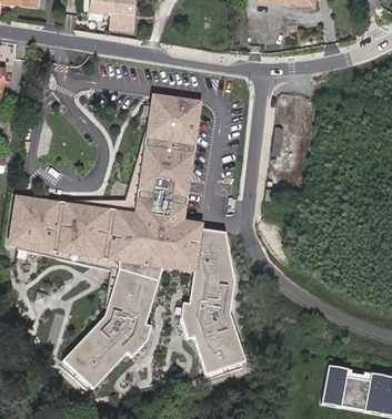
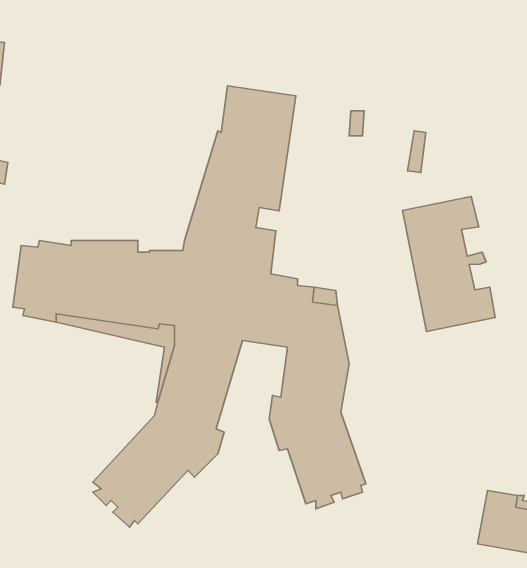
building: none -> [403,197,495,331]

